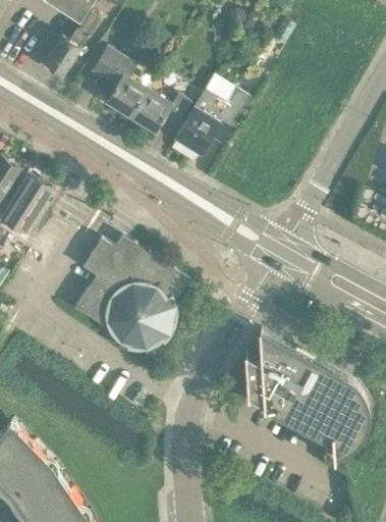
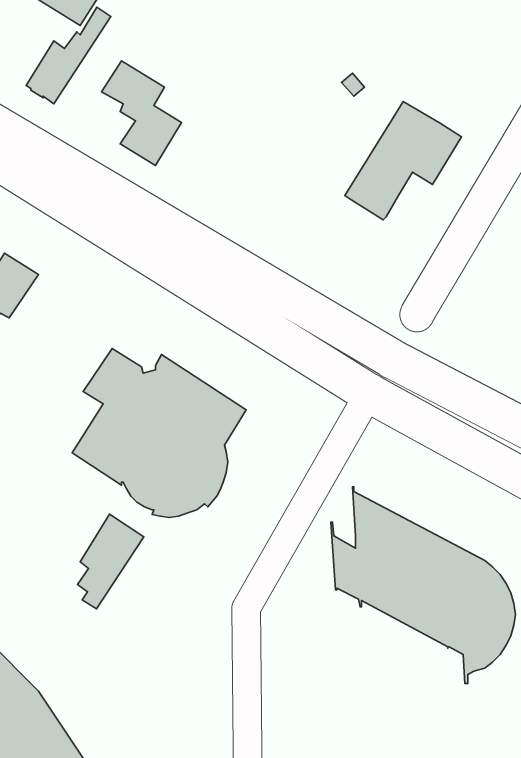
building: [173,76,251,155] -> [345,102,462,220]
building: [128,89,189,133] -> none
building: none -> [77,514,144,609]

